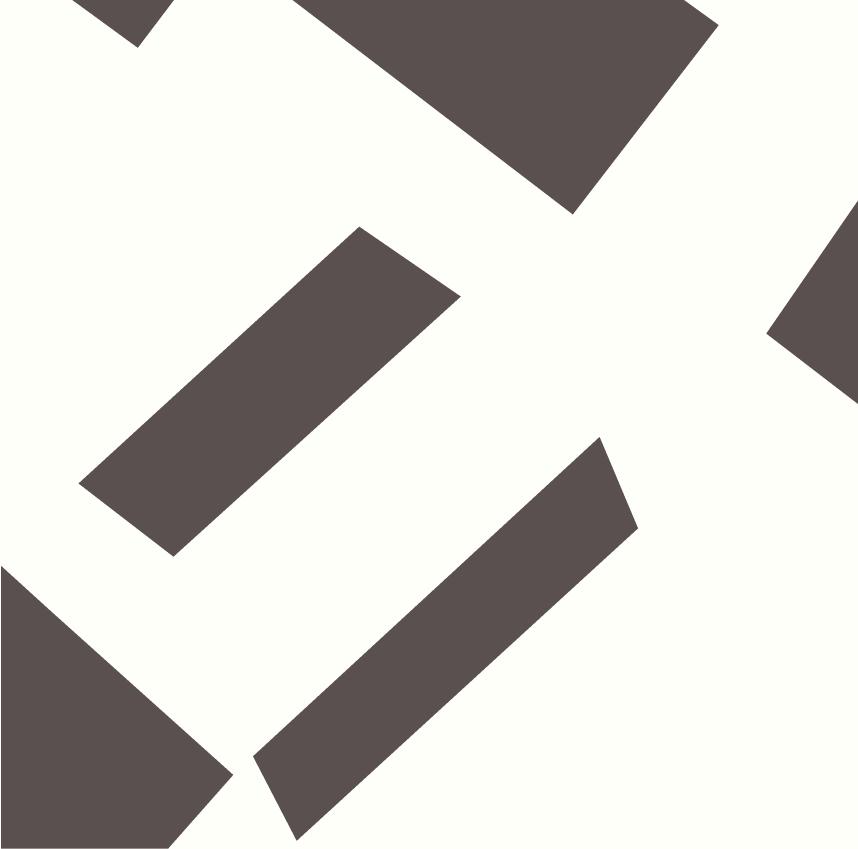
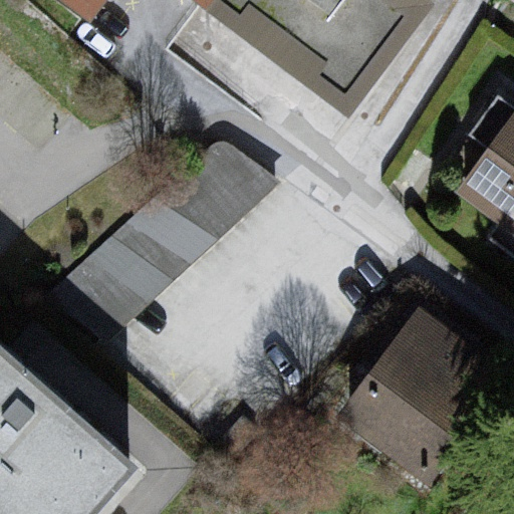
building: [252,436,639,842] -> none
building: none -> [332,307,489,481]

